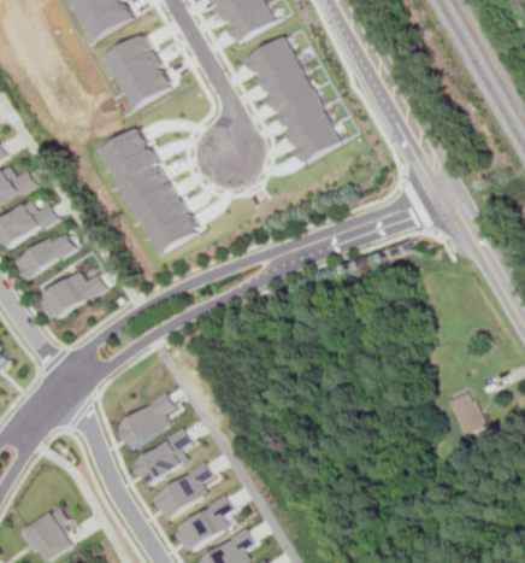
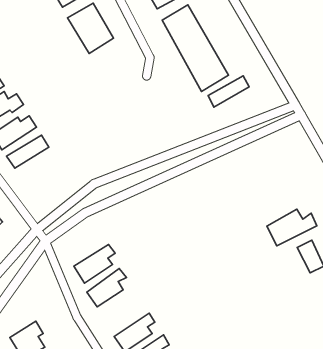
building: [99,127,196,252] -> none
building: none -> [208,76,249,107]
building: [34,271,104,322] -> none
building: none -> [267,209,317,246]
building: [151,463,212,521] -> none

